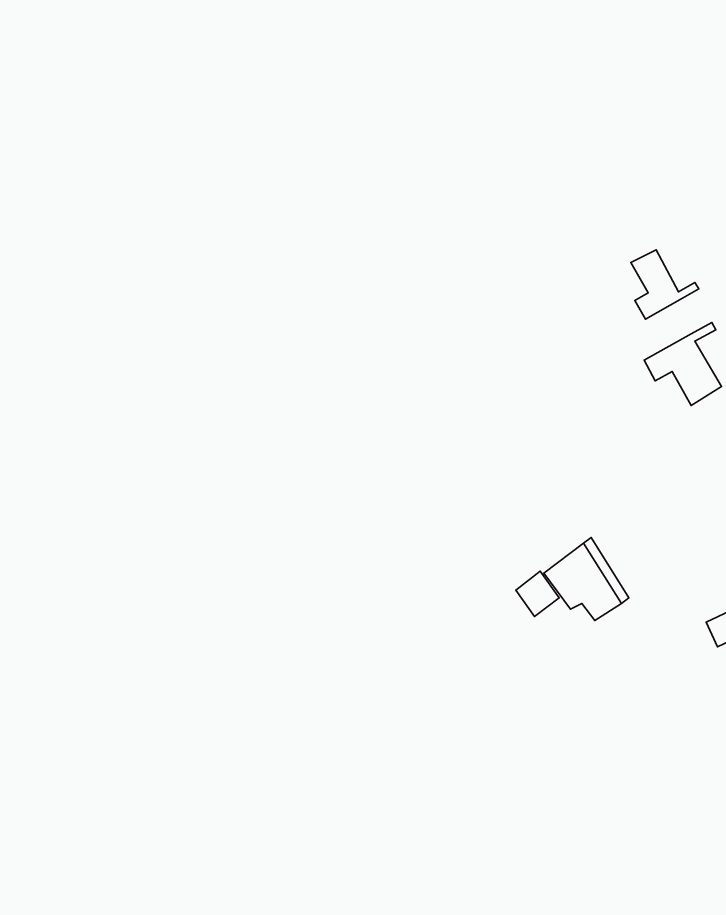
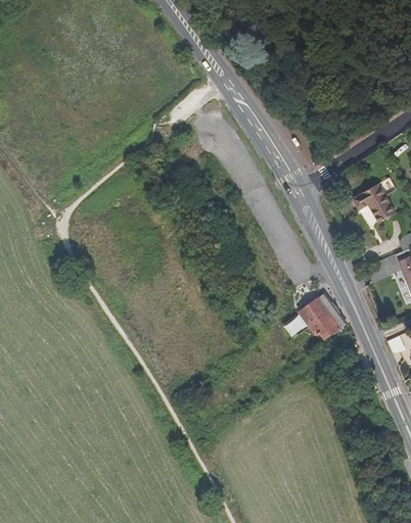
building: [631,250,699,319] -> none

